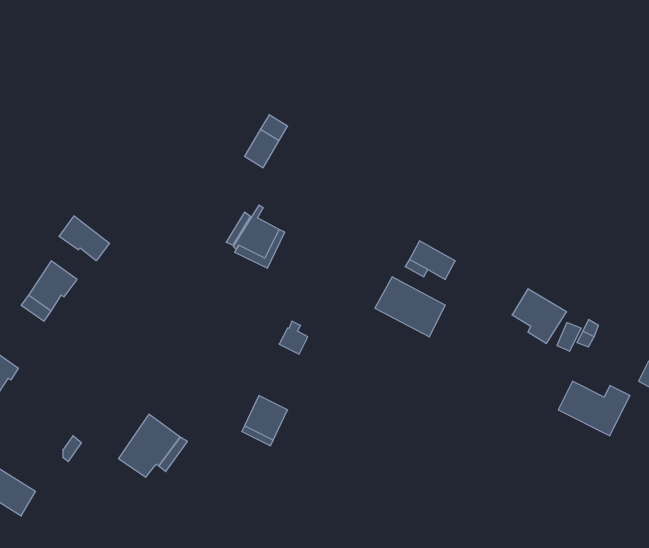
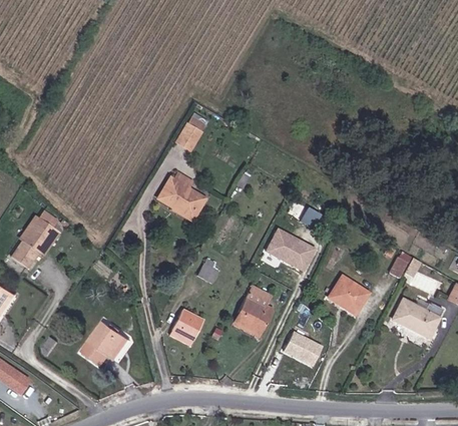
building: [59,216,110,261] -> none
building: [512,289,567,343] -> [330,279,368,317]
building: none -> [238,297,275,331]
building: none -> [282,332,320,365]

